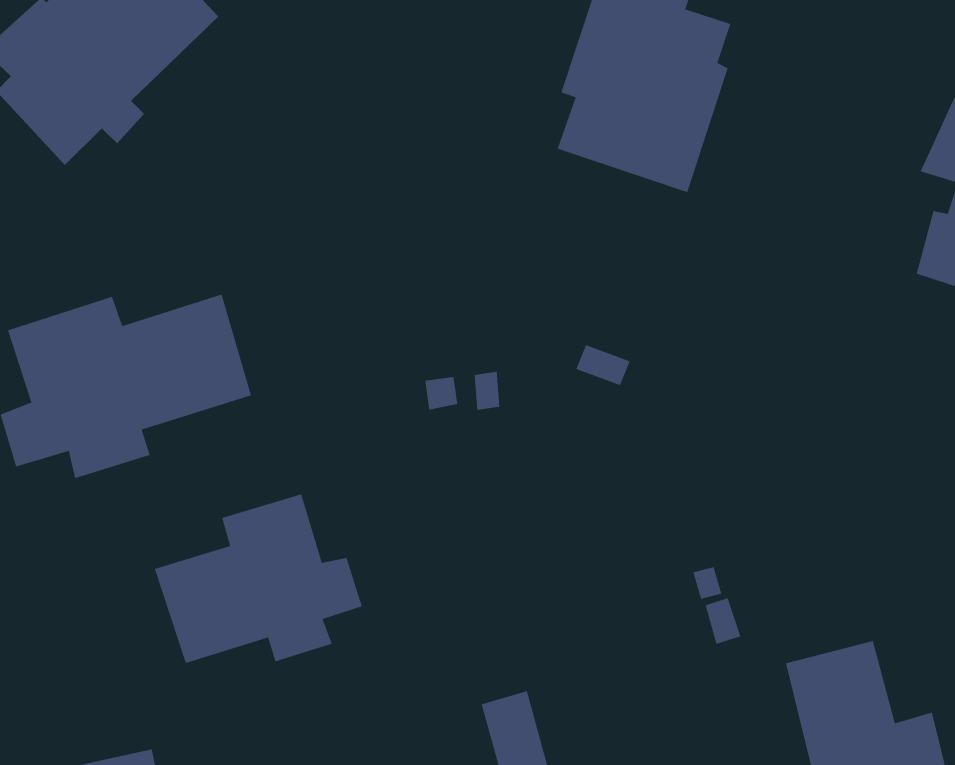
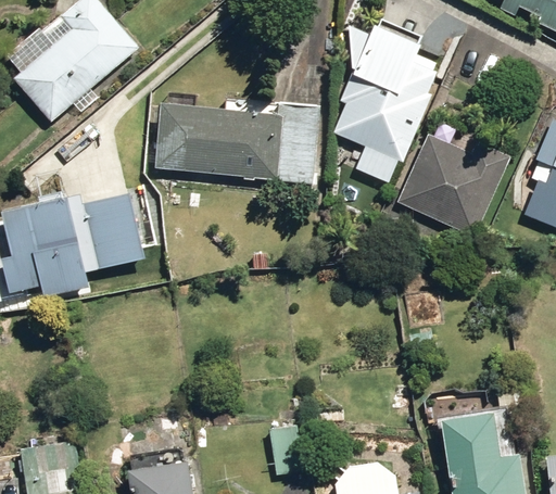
building: none -> [151,98,316,185]
building: none -> [395,136,506,236]
building: [154,494,363,664] -> none

